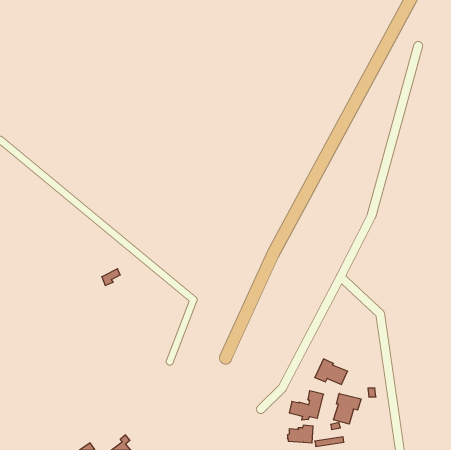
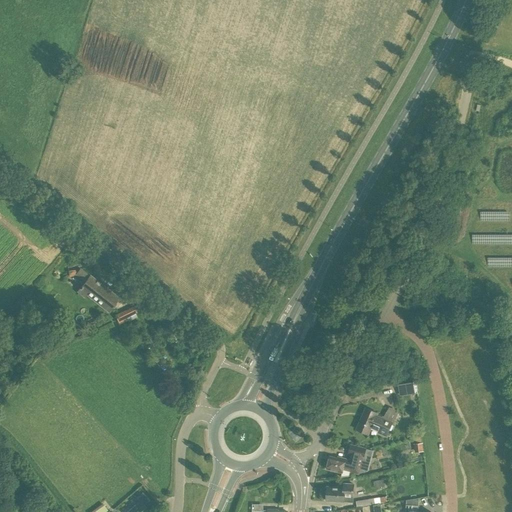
building: none -> [69,267,120,311]
building: [334,393,361,424] -> none

